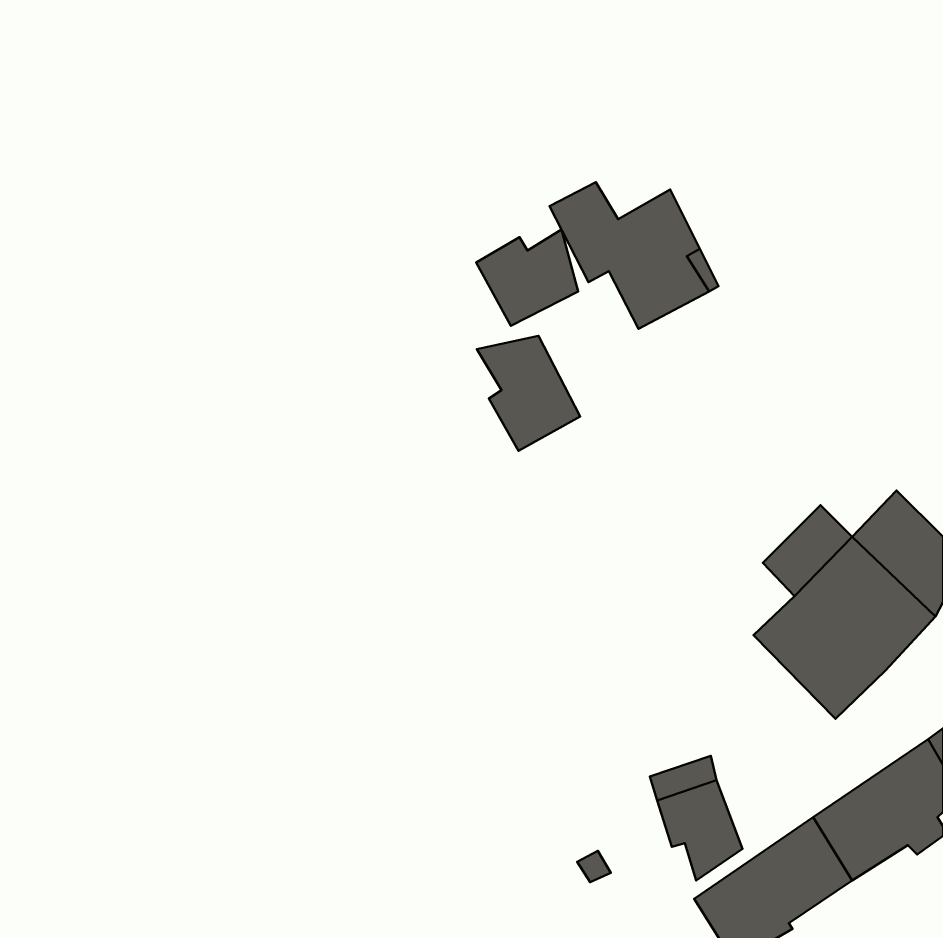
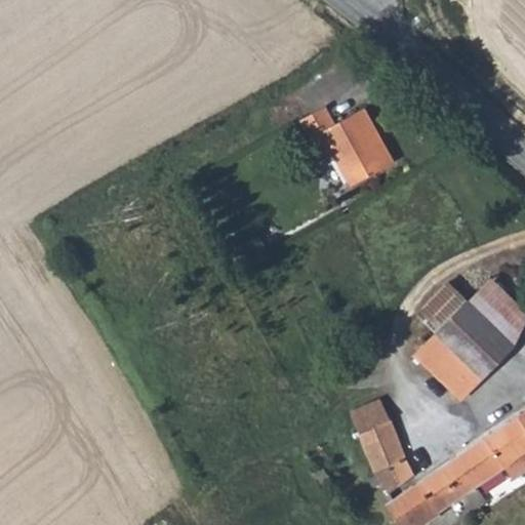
building: [476,229,578,326] -> none
building: [477,336,580,451] -> none
building: none -> [352,403,393,435]

